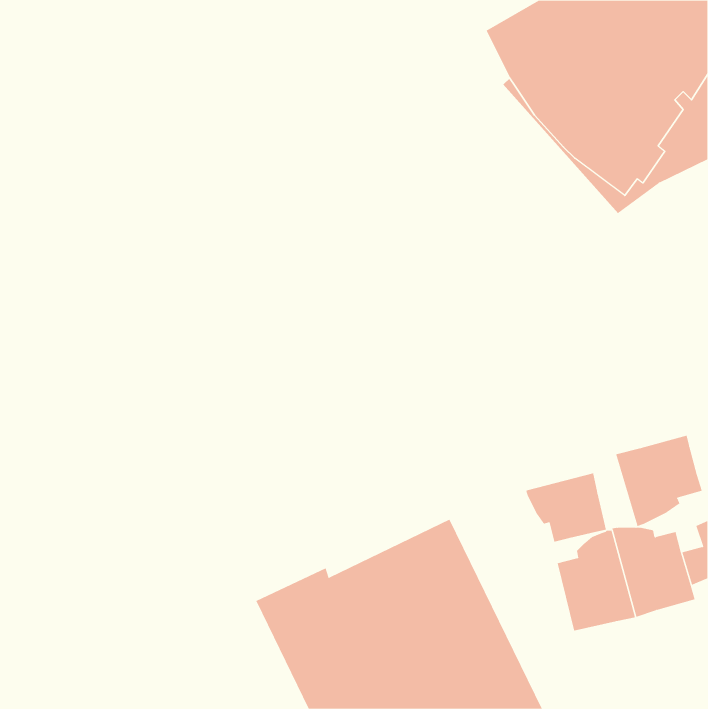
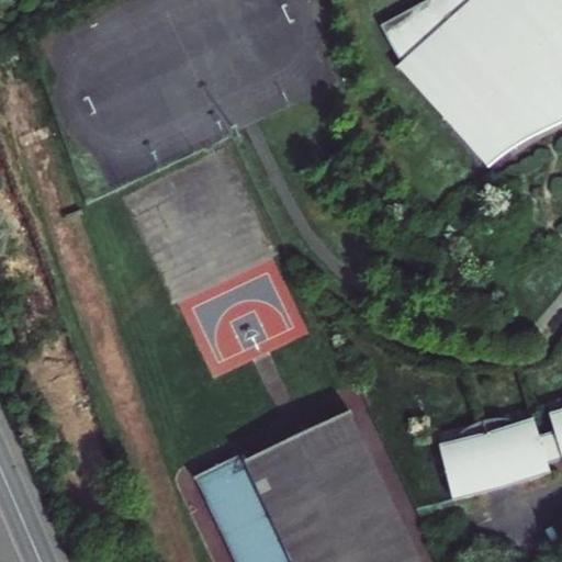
building: [615,435,702,527] -> none
building: [525,473,607,543] -> none

